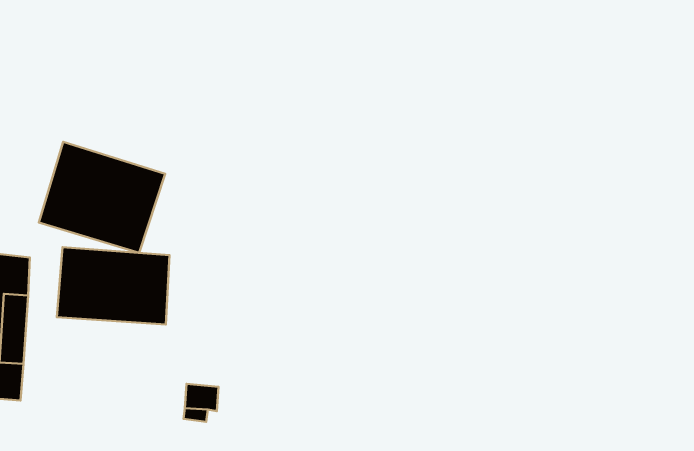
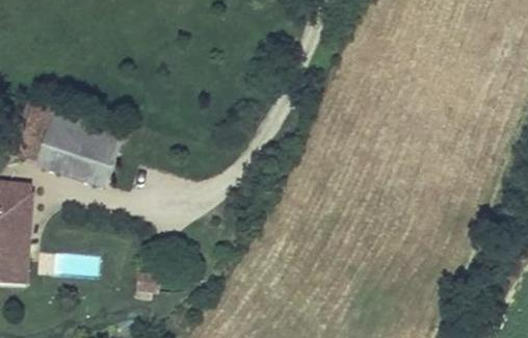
building: [57,247,170,325] -> none

